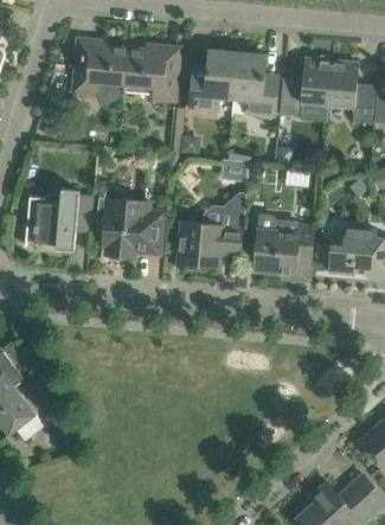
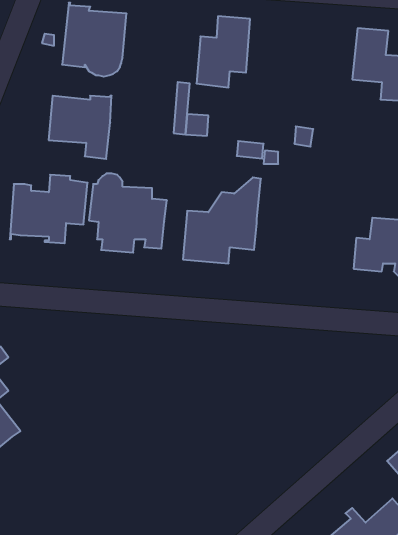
building: [124,47,180,103] -> [49,96,112,159]
building: [233,52,277,117] -> none
building: [280,58,332,117] -> none
building: [254,213,314,274] -> none

